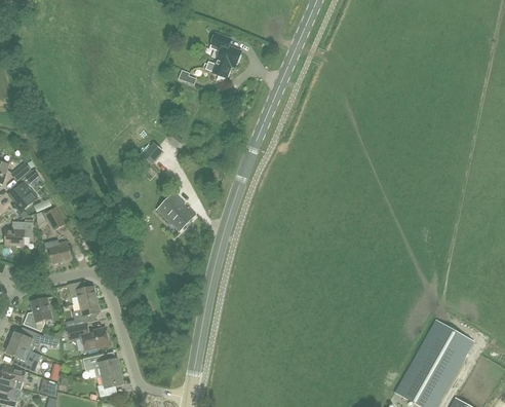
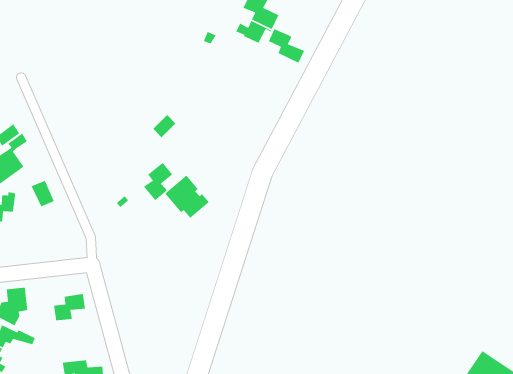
building: none -> [268,28,305,64]
building: none -> [143,162,173,201]
building: [44,239,72,264] -> none
building: [68,282,96,304] -> none
building: [66,323,110,350] -> none

